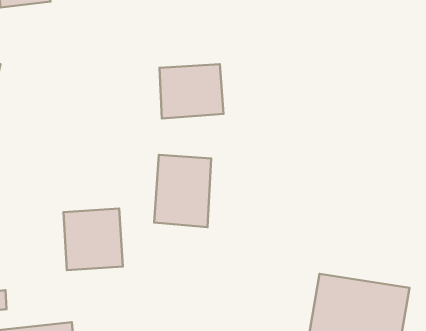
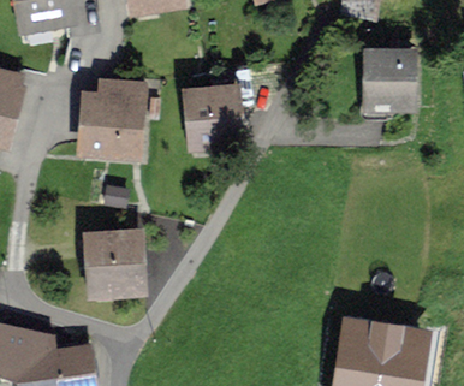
building: none -> [363,53,412,107]
building: [154,155,211,227] -> [82,89,139,162]

